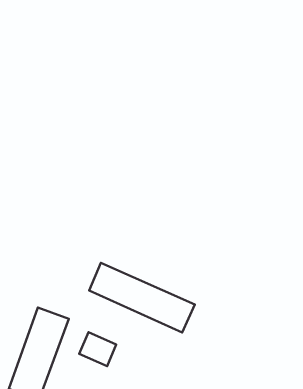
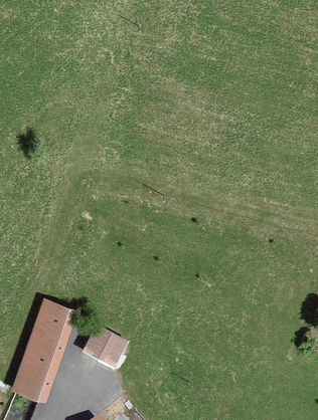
building: [89,263,195,333] -> none

